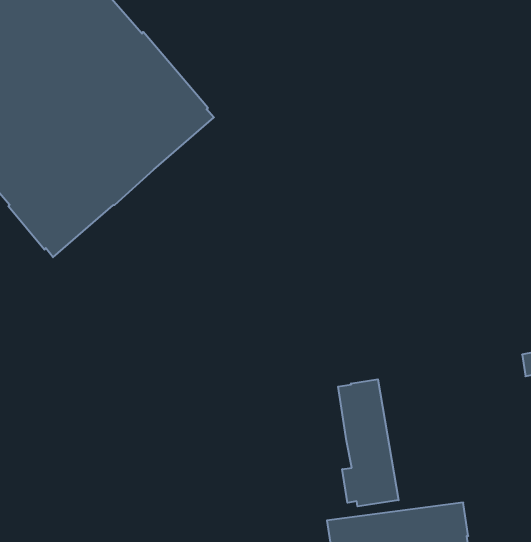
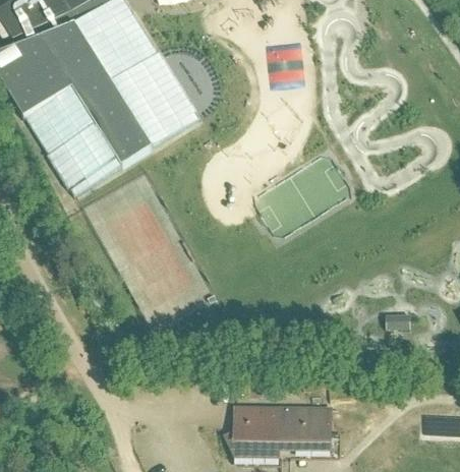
building: [338,379,399,506] -> none

